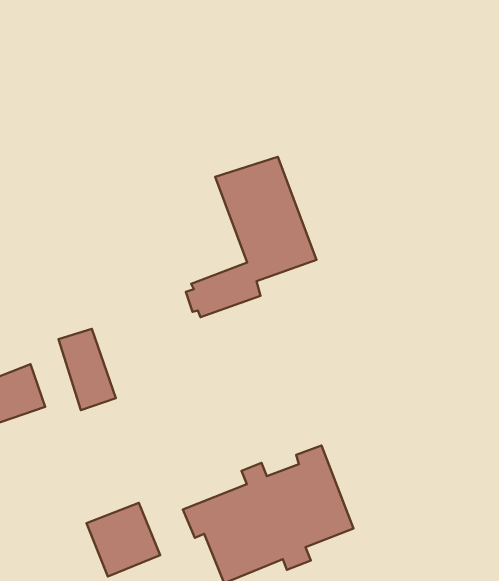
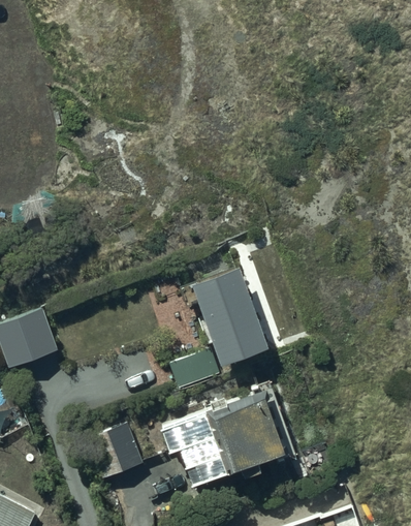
building: [186,157,316,317] -> [165,269,266,393]
building: [58,329,116,410] -> none

